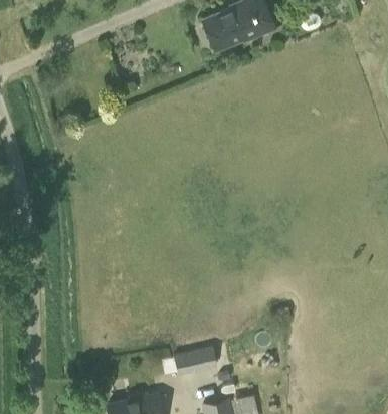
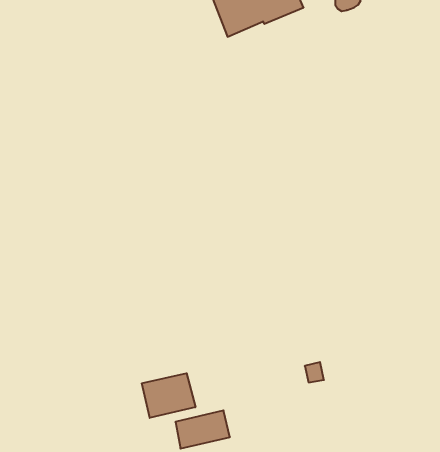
building: none -> [142,373,195,418]

